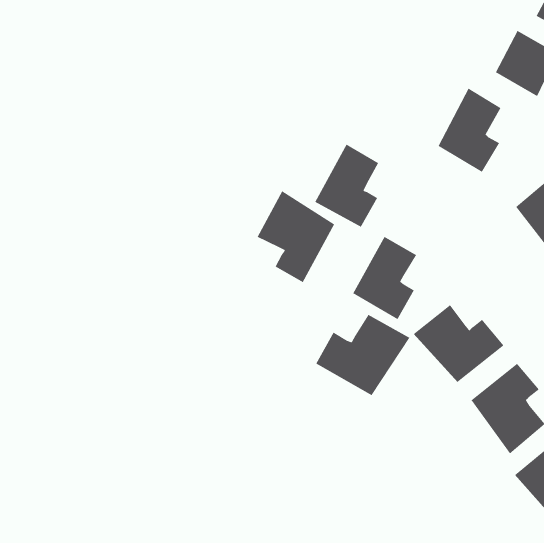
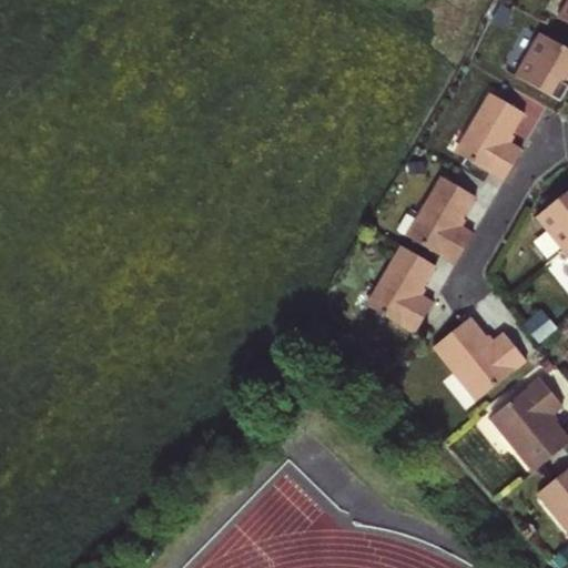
building: [314,144,379,228] -> [406,175,474,263]
building: [256,190,335,283] -> none
building: [315,314,411,396] -> none

